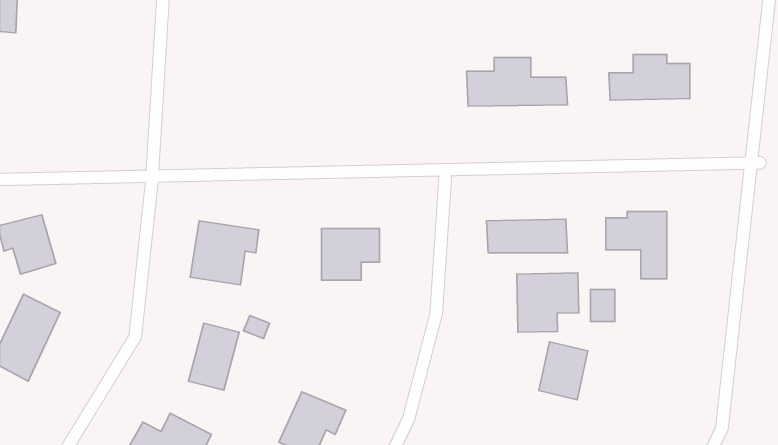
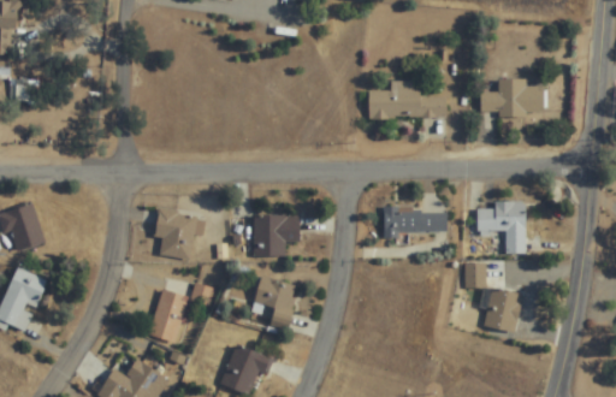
building: [517,273,579,332] -> none
building: none -> [253,278,297,325]
building: [539,342,588,400] -> [485,288,523,333]

